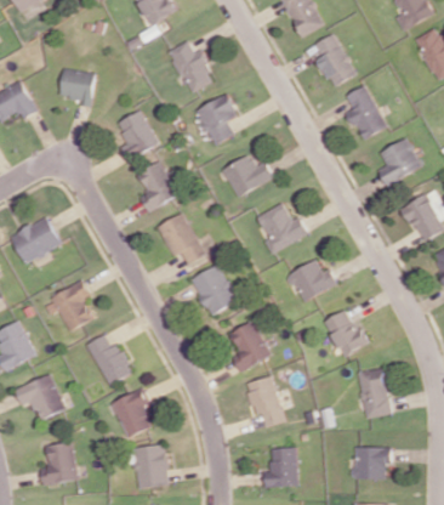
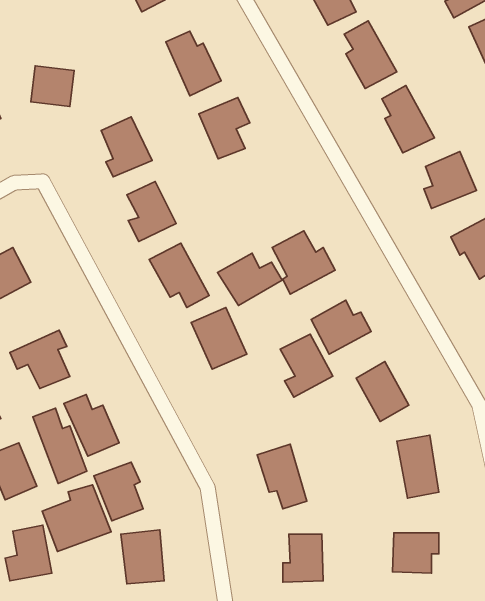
building: [221,154,273,197] -> [218,253,282,306]
building: [228,320,271,371] -> [280,334,333,397]
building: none -> [33,408,87,483]
building: none -> [42,485,111,551]

